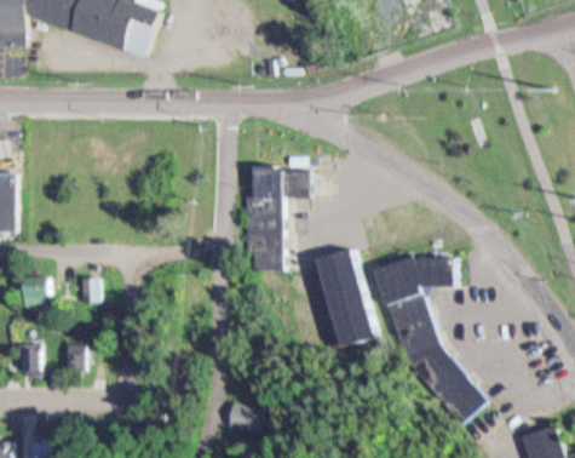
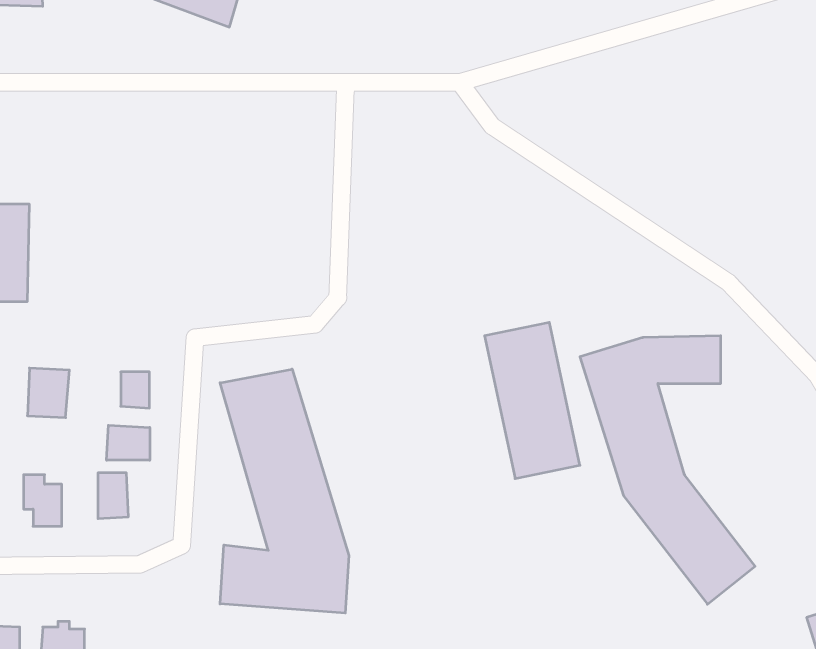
building: [243,165,307,269] -> none
building: none -> [220,369,349,613]
building: none -> [107,425,150,460]
building: [229,402,266,434] -> none

